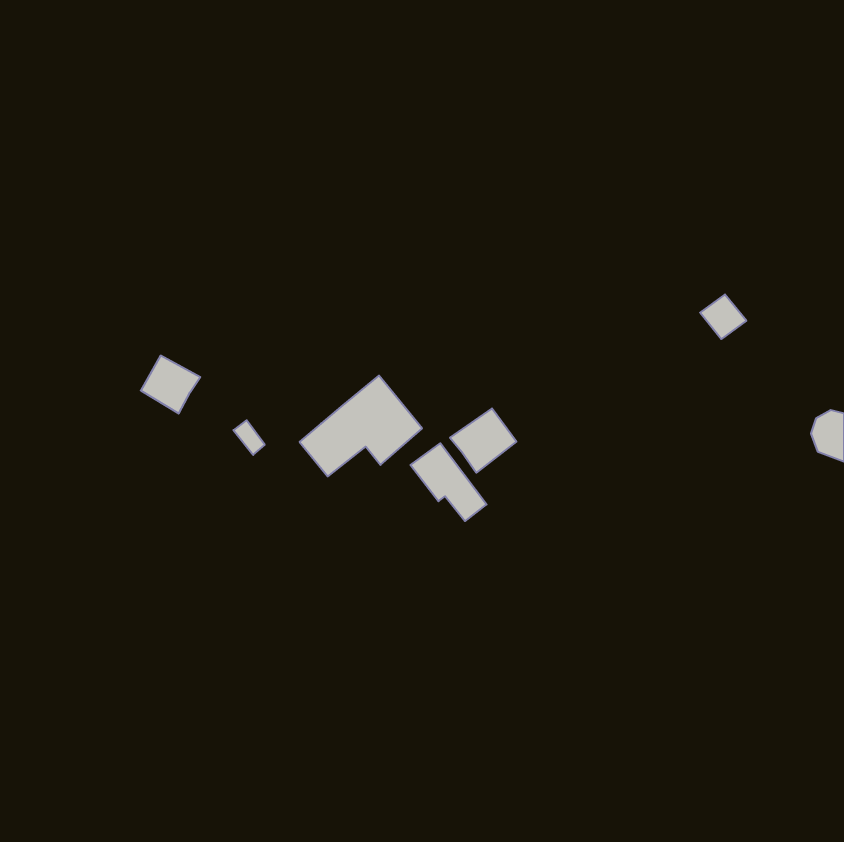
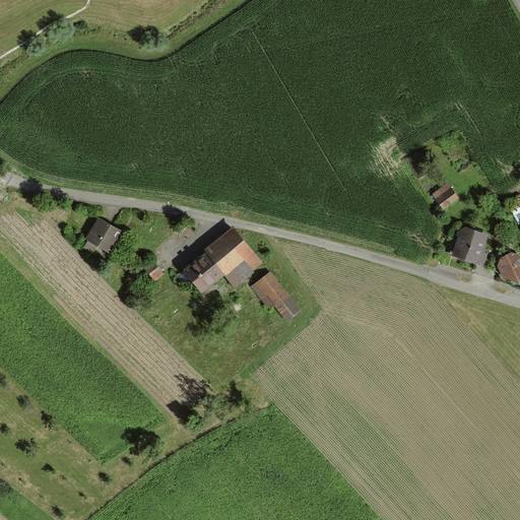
building: none -> [452,226,486,266]
building: [450,408,516,473] -> none

